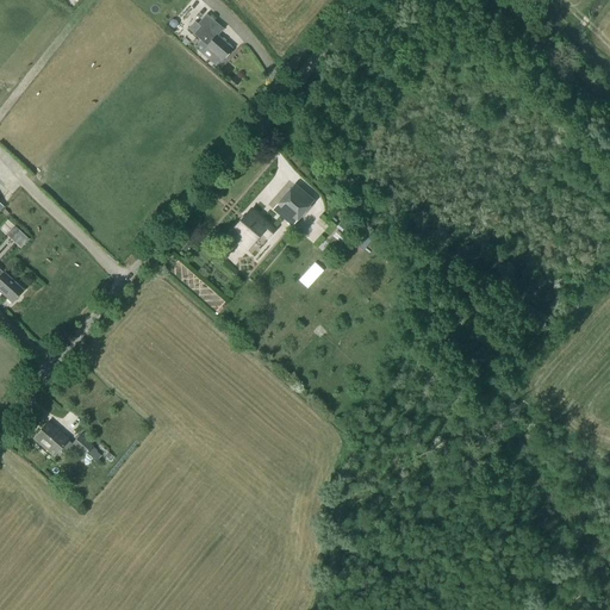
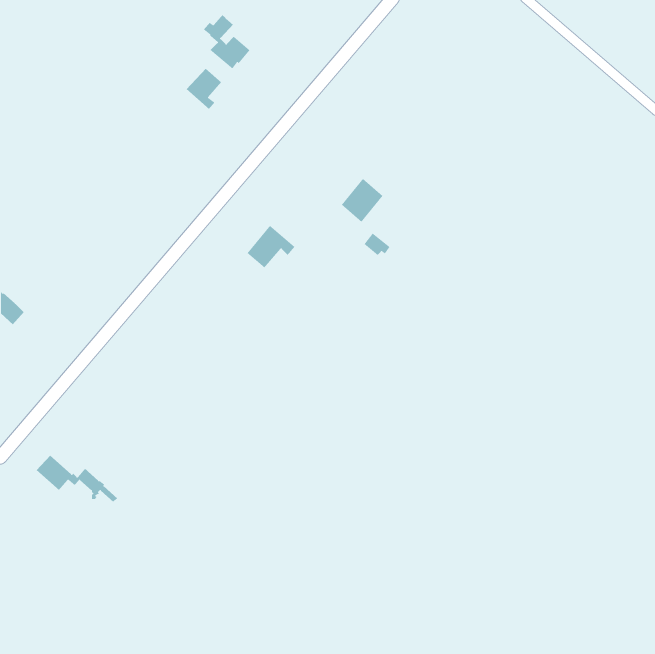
building: none -> [186,68,222,110]
building: [274,183,313,225] -> [341,178,383,223]

